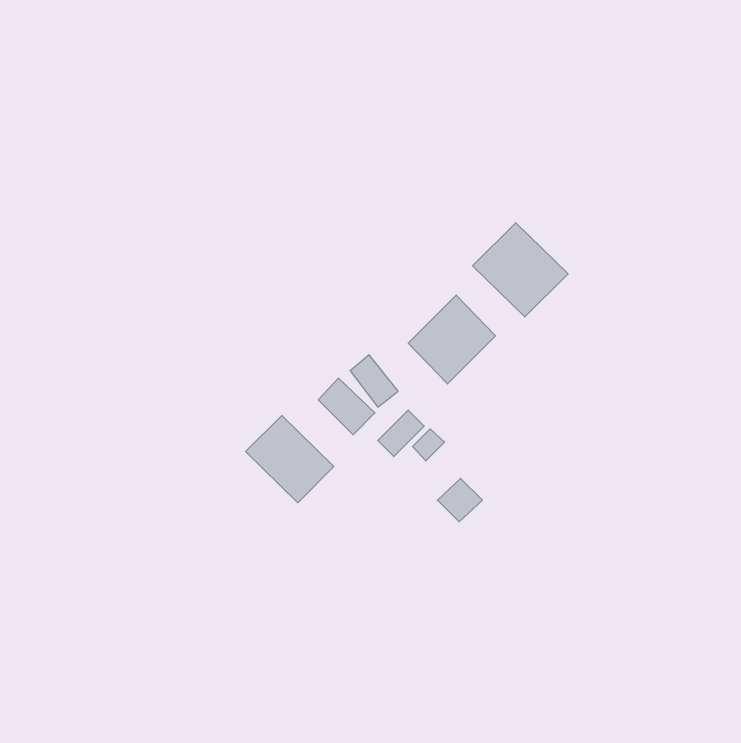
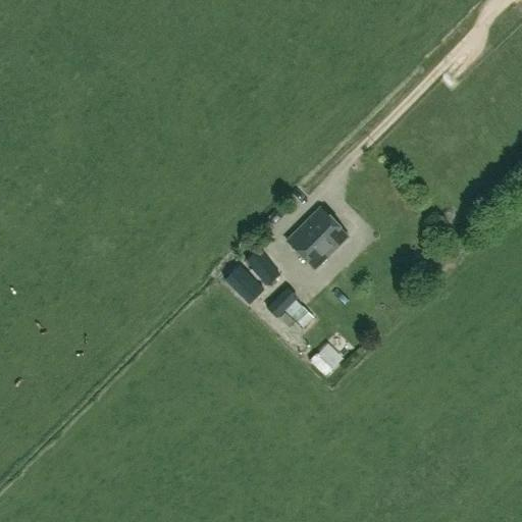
building: [473,223,568,317] -> none
building: [246,416,334,503] -> none

